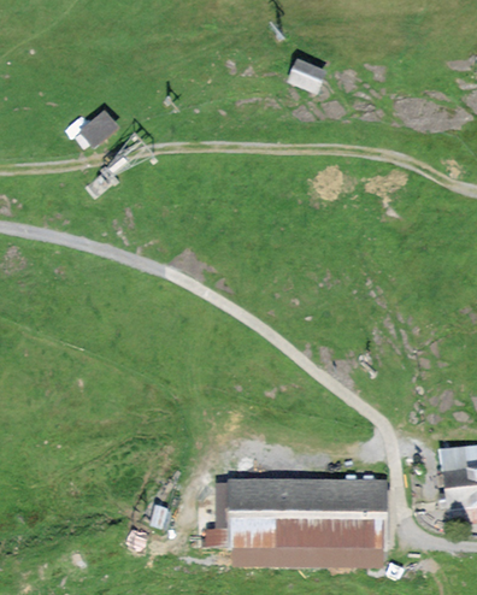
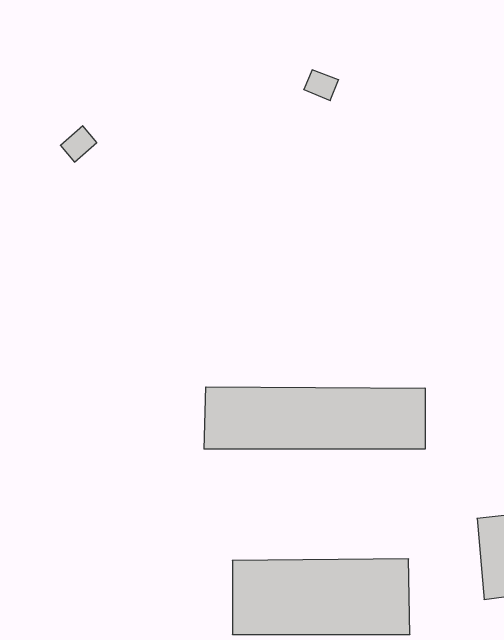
building: none -> [204,387,425,449]

